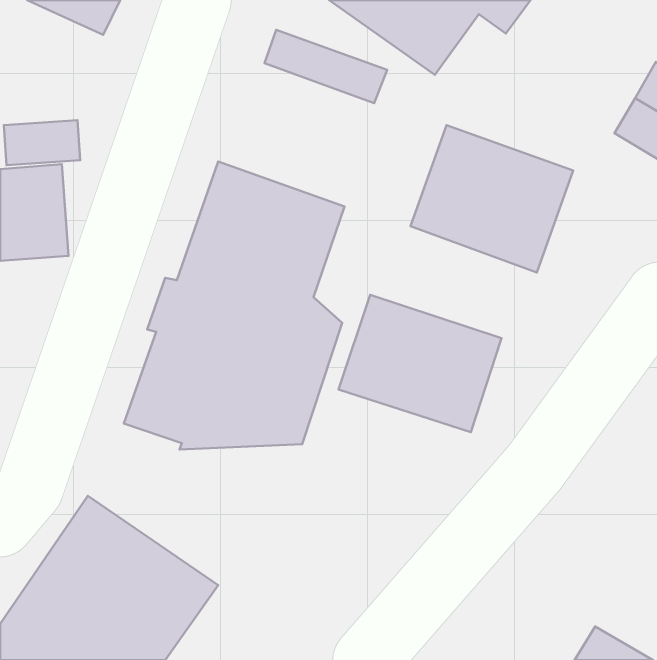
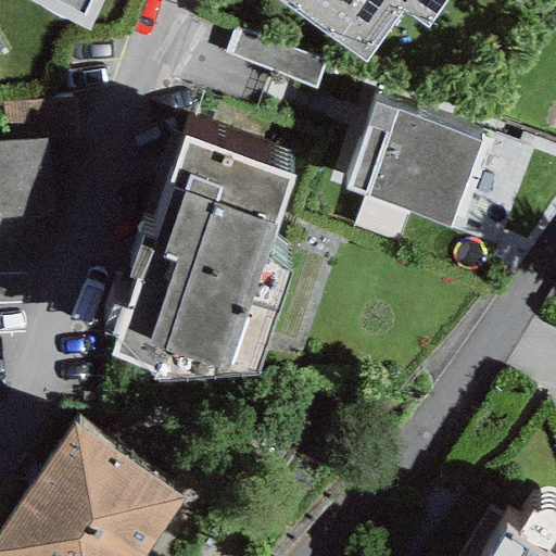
building: [339,295,502,432] -> none

